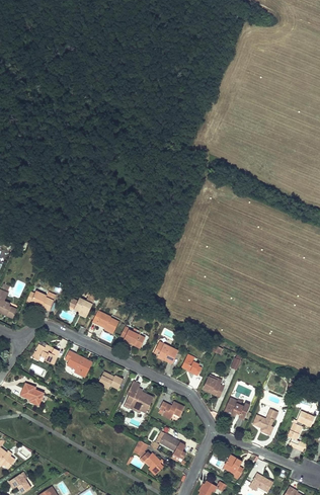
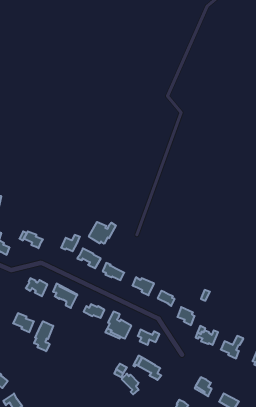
building: none -> [89,222,116,244]
building: none -> [34,321,53,351]

